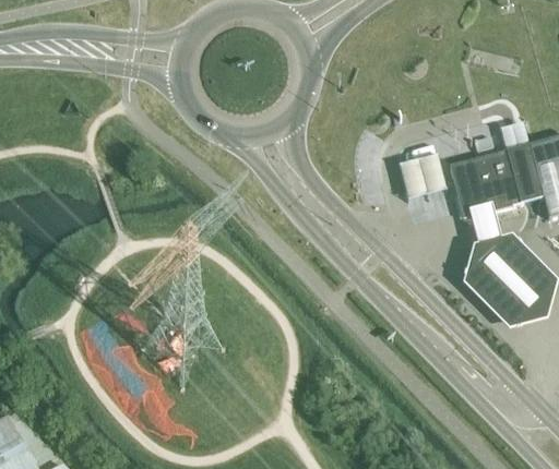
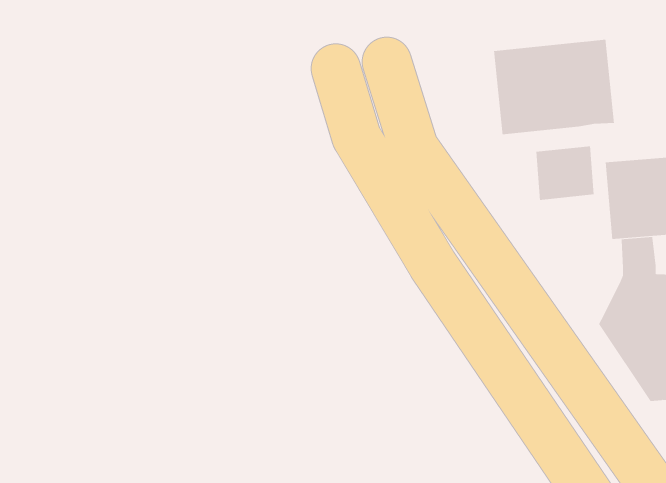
building: none -> [494,39,614,135]

